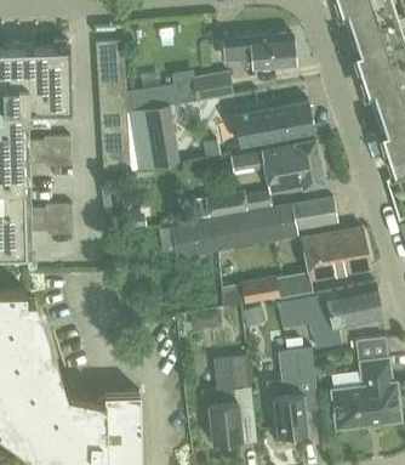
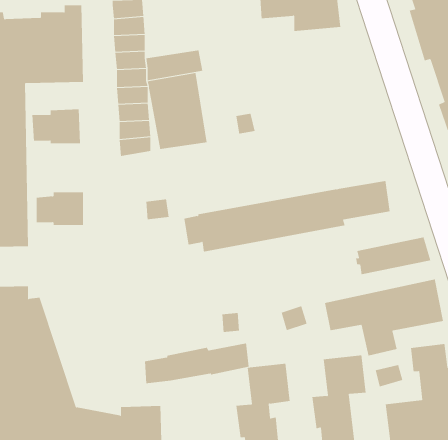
building: [192,72,233,102] -> none
building: [235,101,314,144] -> none
building: [194,140,325,219] -> none
building: [302,227,366,265] -> none
building: [221,272,312,307] -> [144,343,250,384]

